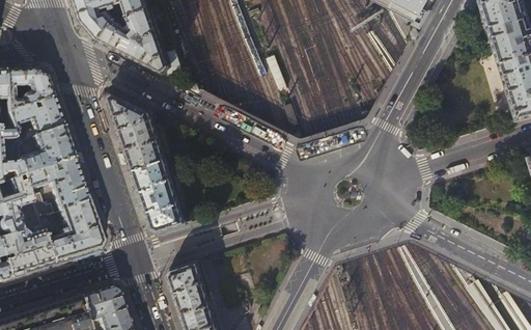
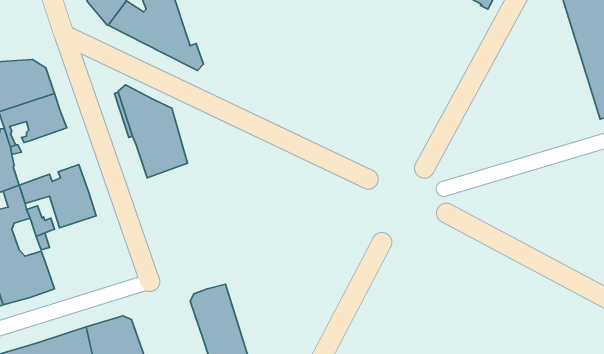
building: [17,125,73,173] -> none
building: [131,155,186,229] -> none
building: [44,199,102,262] -> none

